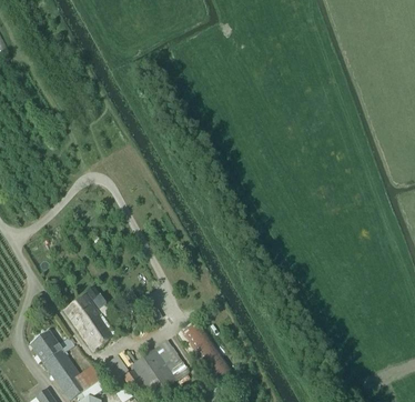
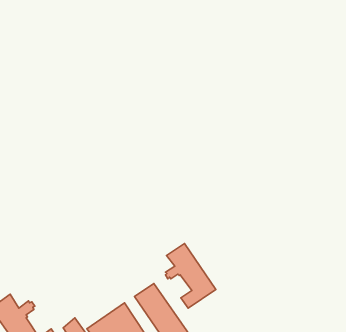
building: none -> [165,244,216,308]
building: [63,285,119,350] -> none

